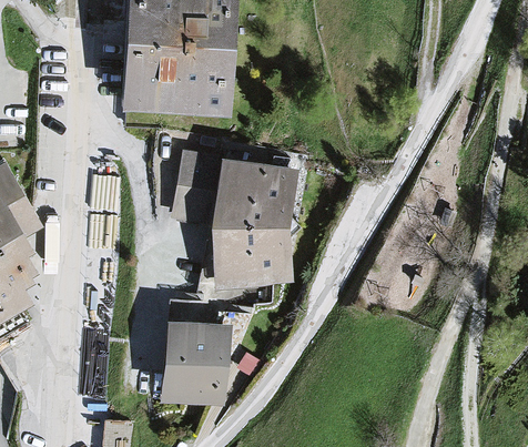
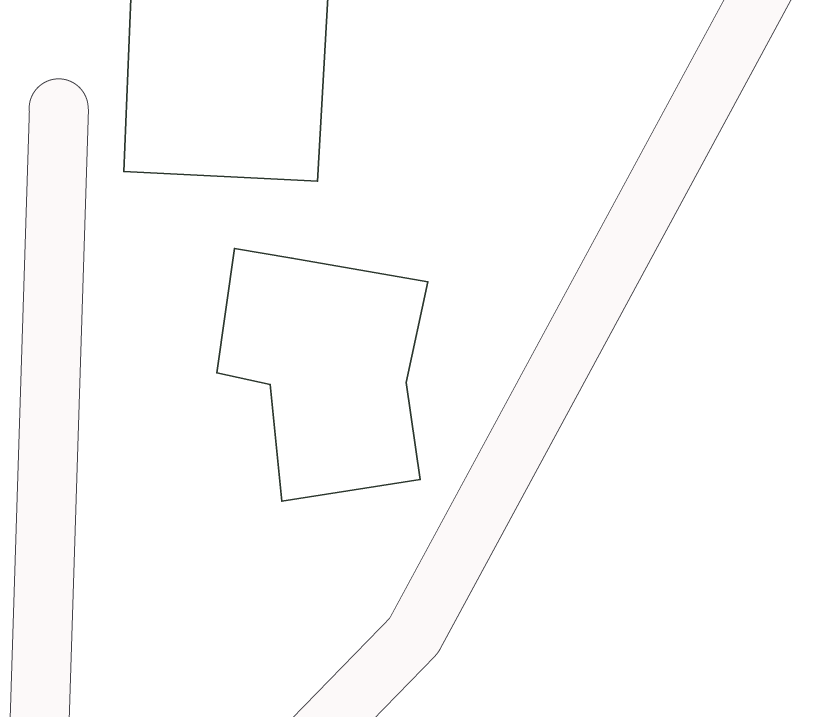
building: [165,324,236,408] -> none

